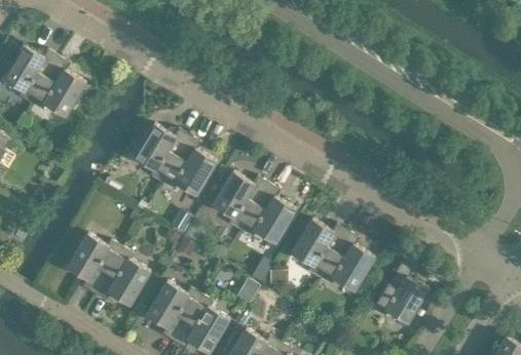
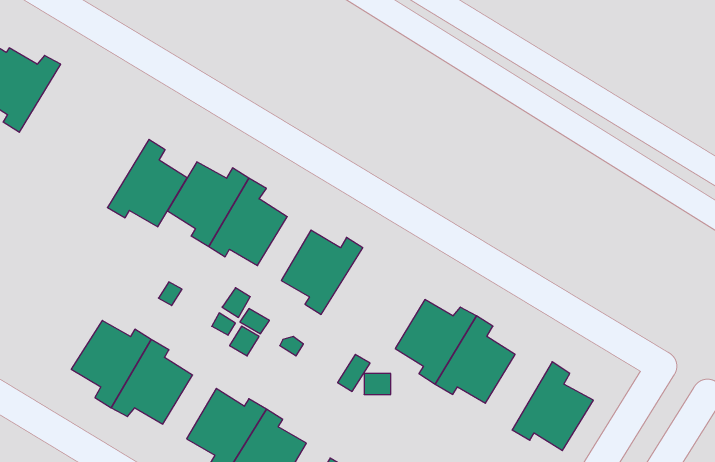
building: [30,57,85,118] -> [107,139,187,227]
building: [239,185,296,245] -> none

